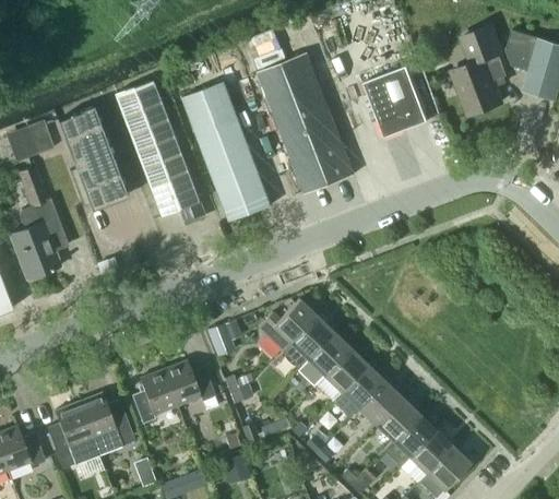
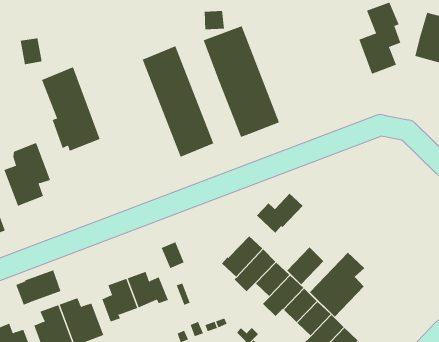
building: [506,29,537,70] -> none
building: [362,67,427,138] -> none
building: [117,80,205,222] -> none
building: [12,124,40,158] -> [20,38,42,65]
building: [16,165,48,207] -> none
building: [257,299,316,351] -> [256,193,304,234]
building: none -> [286,247,324,285]
building: none -> [309,252,365,318]
building: none -> [16,269,61,305]

